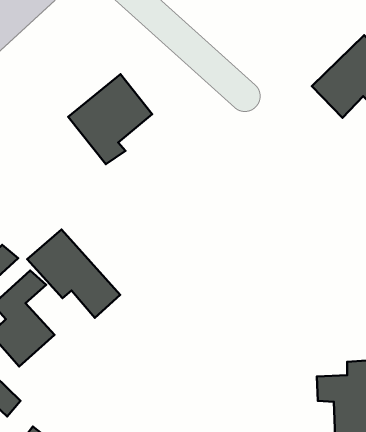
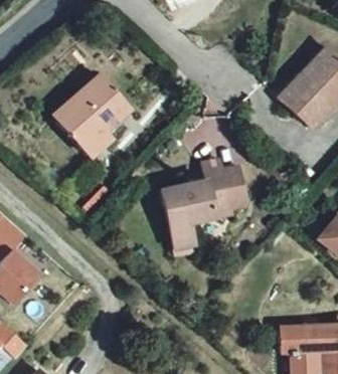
building: none -> [162,171,259,264]
building: [27,230,120,318] -> none

